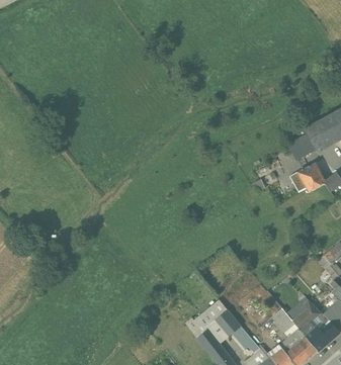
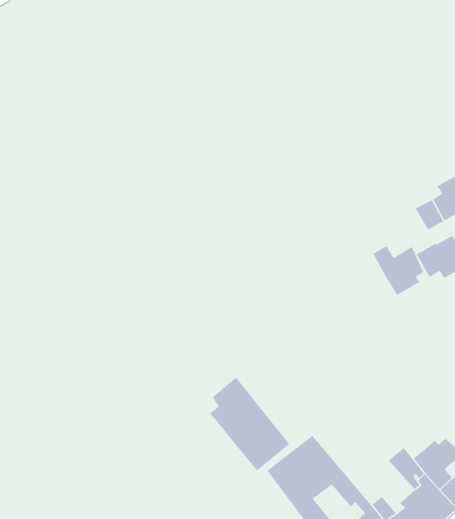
building: none -> [372,245,424,296]
building: none -> [209,376,290,471]

